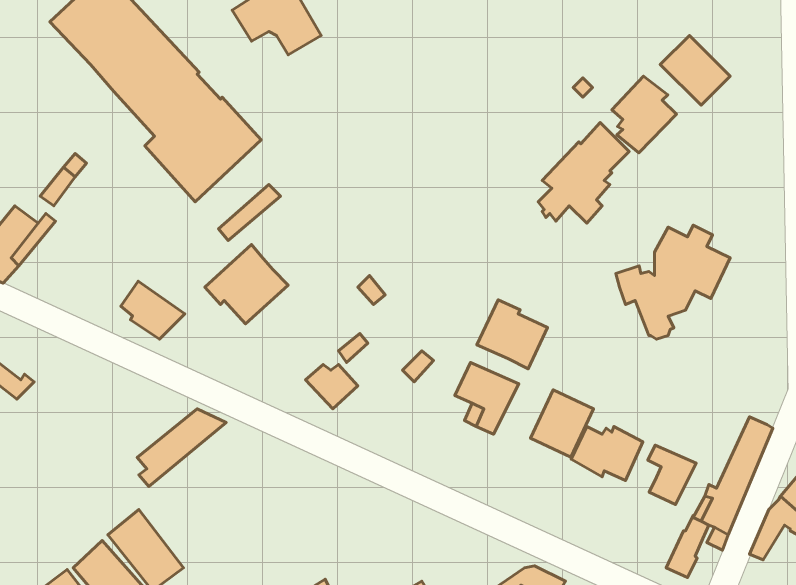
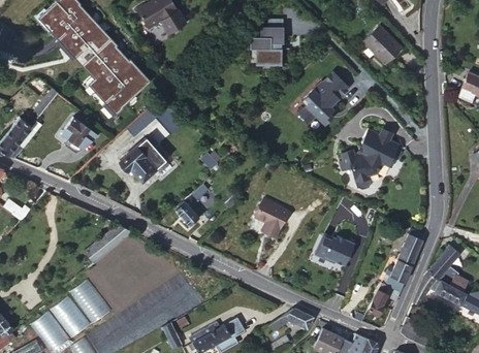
building: none -> [241,26,283,60]
building: [612,76,677,153] -> none
building: [121,281,185,339] -> [63,117,97,148]
building: [477,300,548,369] -> none
building: [530,390,593,457] -> none
building: [648,445,696,504] -> none

